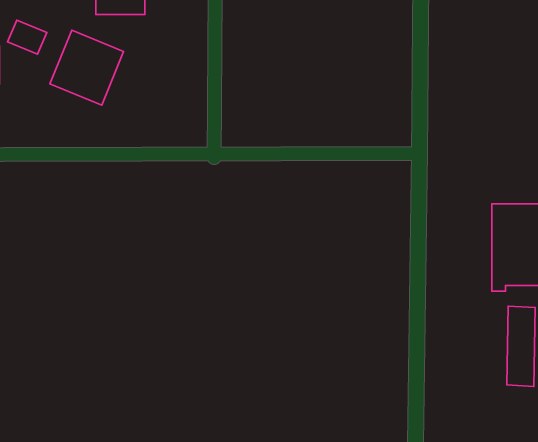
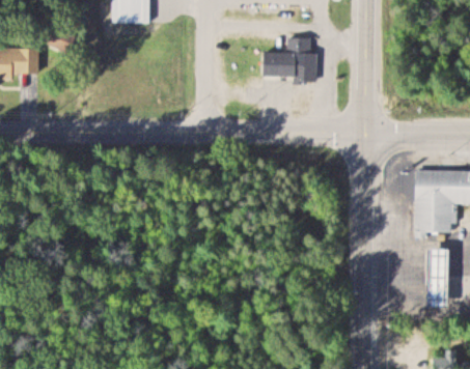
building: [50,30,124,105] -> none
building: none -> [264,38,313,79]

